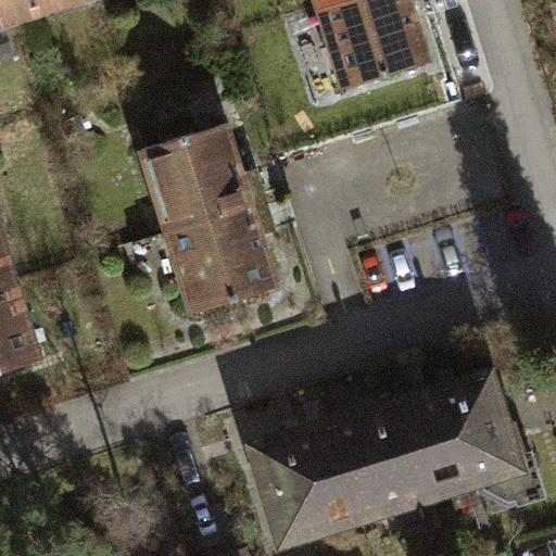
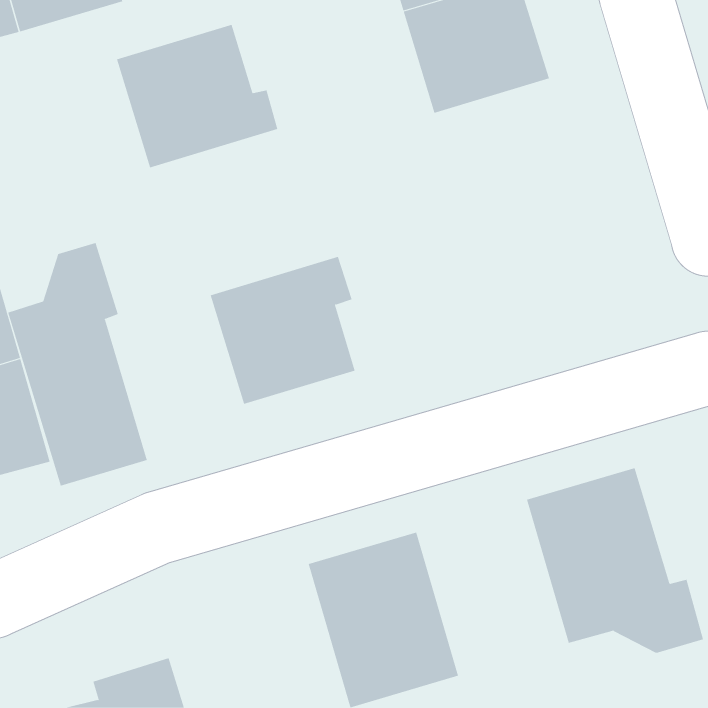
building: [137,117,263,229] -> [116,24,278,168]
building: none -> [7,242,147,486]
building: [324,388,441,527] -> none

